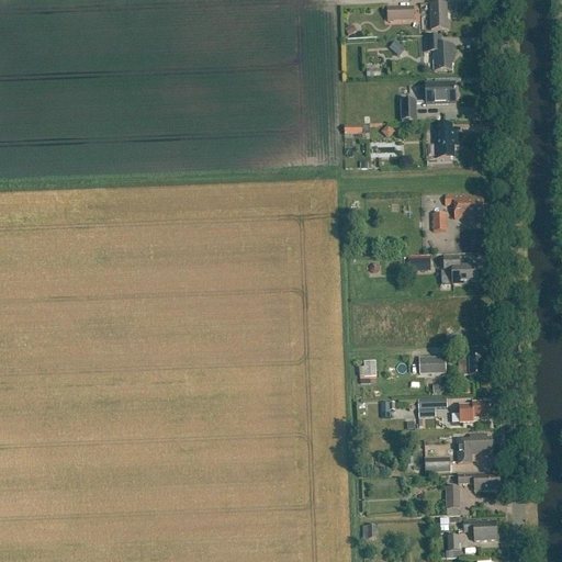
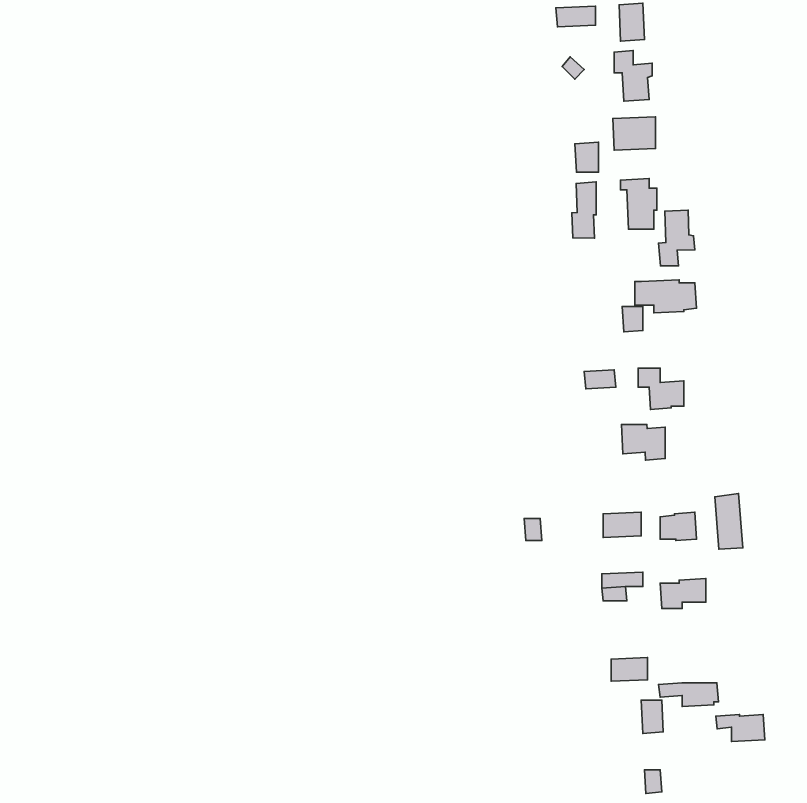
building: none -> [572,182,596,238]
building: none -> [659,210,695,266]
building: none -> [621,424,665,460]
building: none -> [715,494,743,549]
building: [457,435,492,463] -> none
building: [463,520,497,539] -> [716,715,765,741]

